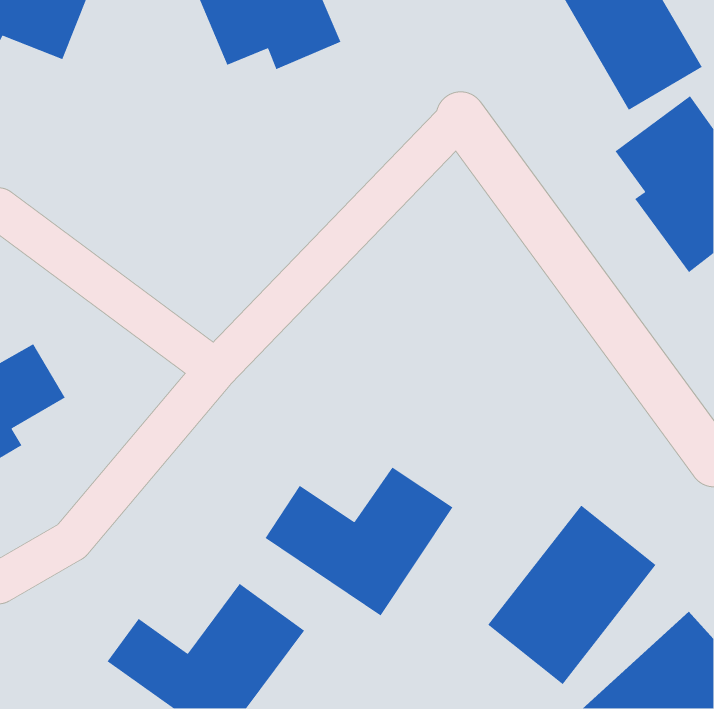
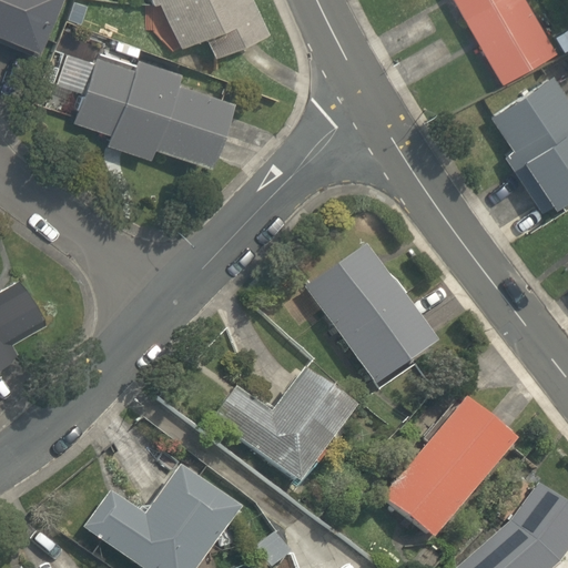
building: none -> [73,52,239,168]
building: none -> [307,246,442,388]

